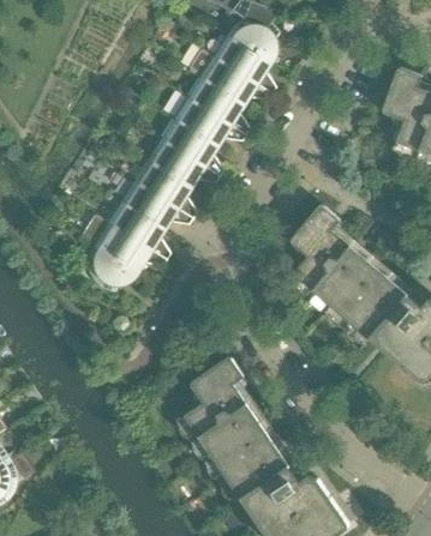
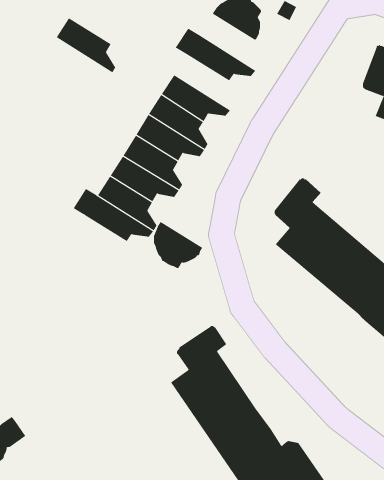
building: [214,35,276,94] -> none
building: [187,77,250,134] -> [56,17,116,73]
building: [88,242,139,291] -> [153,221,203,269]

